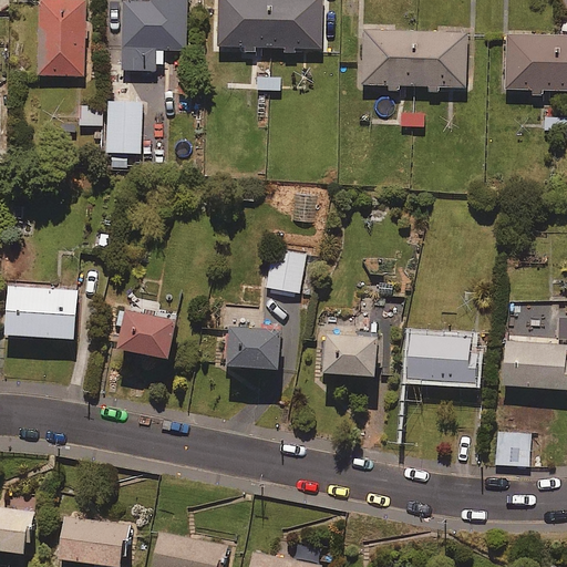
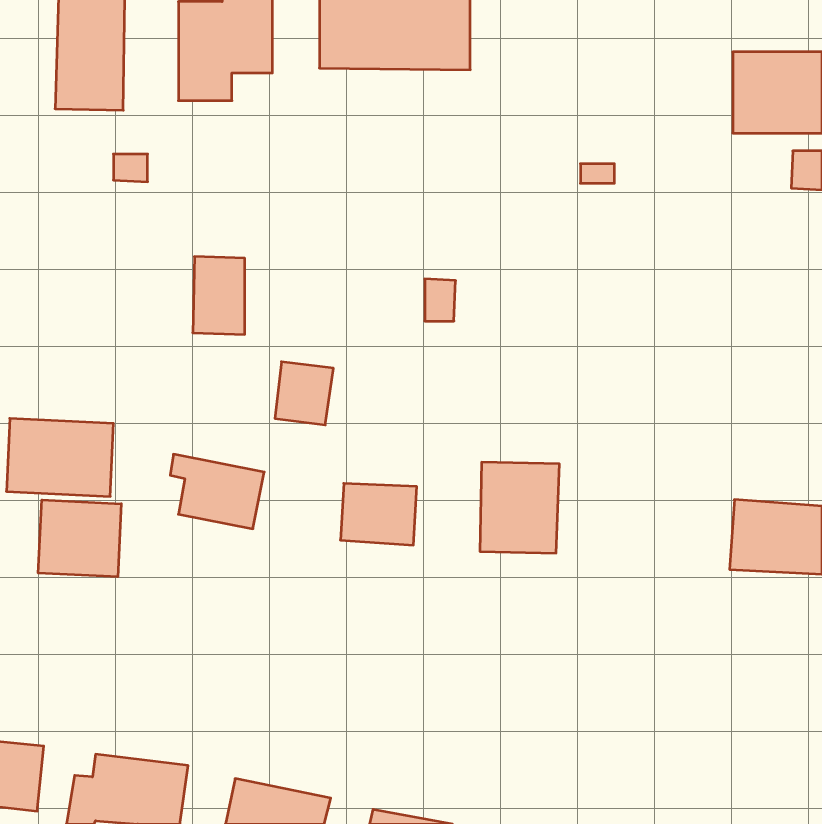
building: [358,30,463,89] -> none
building: [105,100,141,153] -> [193,257,245,334]
building: [264,248,303,291] -> [275,362,333,425]
building: [409,333,481,382] -> none
building: none -> [38,500,121,577]
building: [503,431,530,468] -> none

